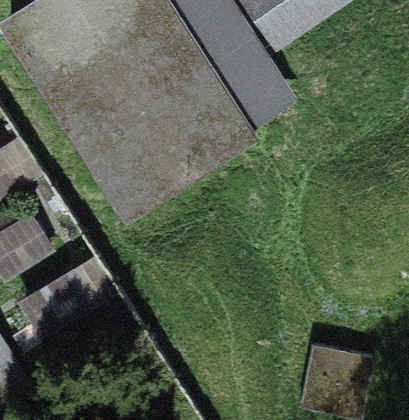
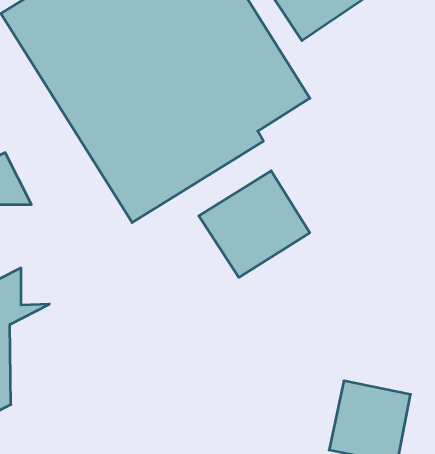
building: none -> [199,171,310,277]

